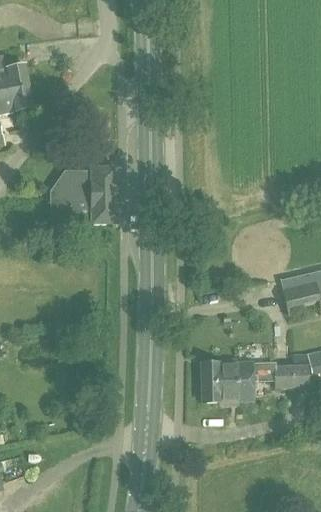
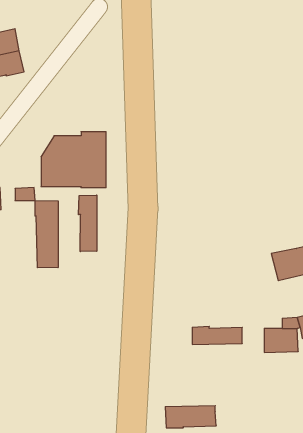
building: none -> [78,195,97,252]
building: none -> [35,201,58,268]
building: [202,379,253,401] -> [165,406,216,428]

